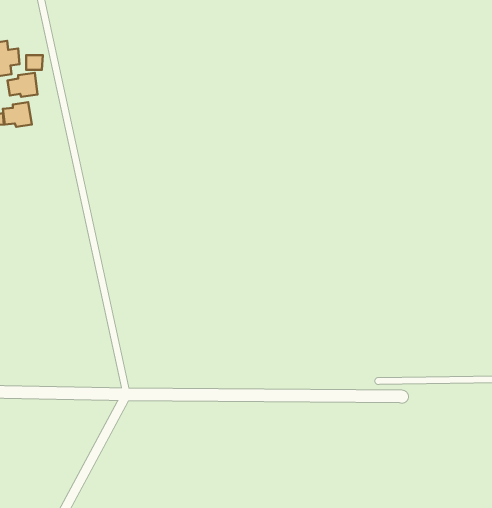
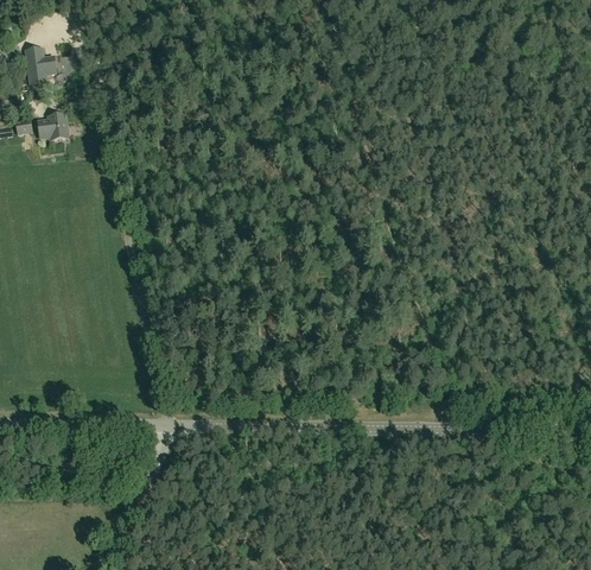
building: [8,73,38,97] -> none

